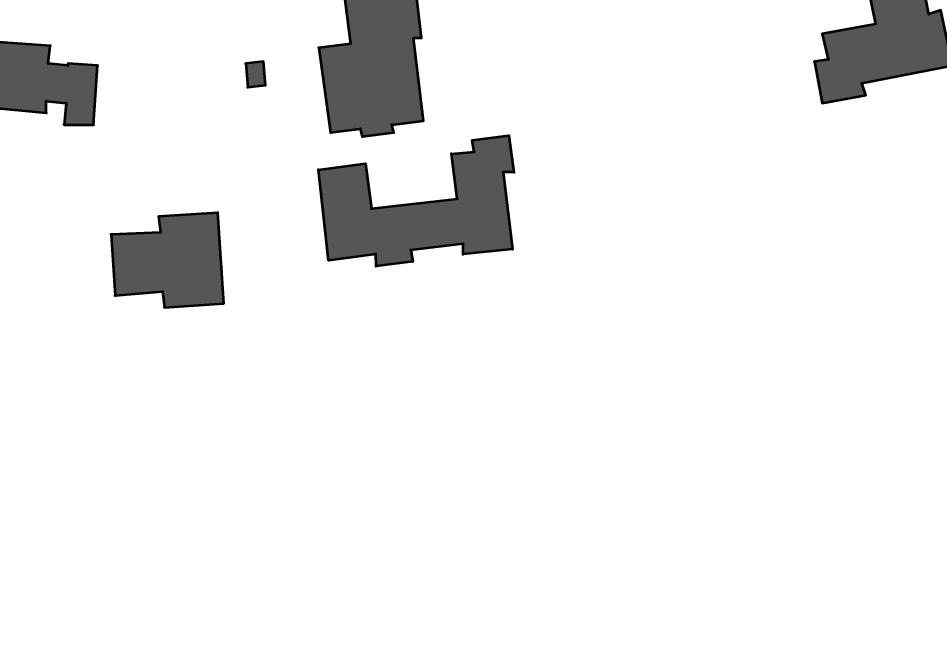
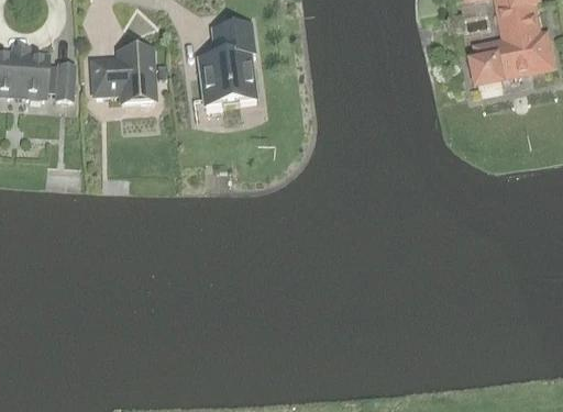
building: [318,136,514,266] -> none
building: [111,213,224,307] -> [92,47,155,100]

